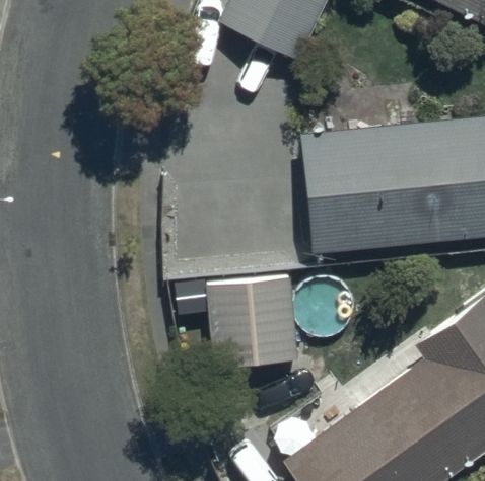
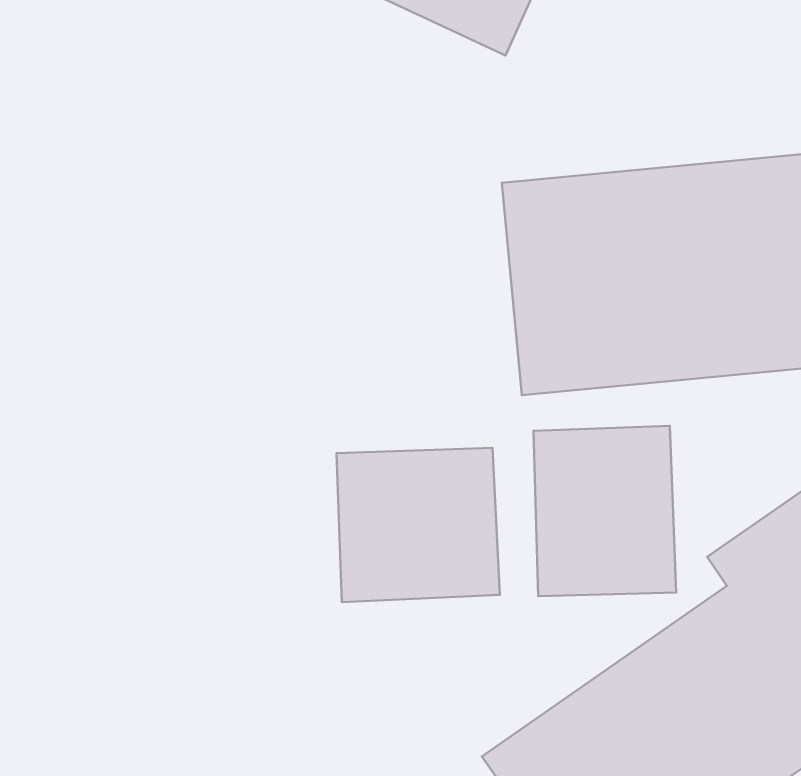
building: none -> [534,426,676,596]

